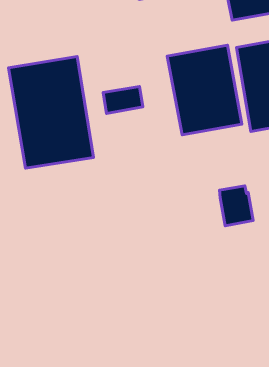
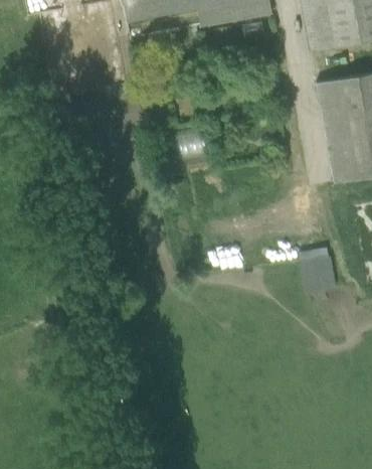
building: [167,45,242,135] -> none
building: [8,57,93,168] -> none

